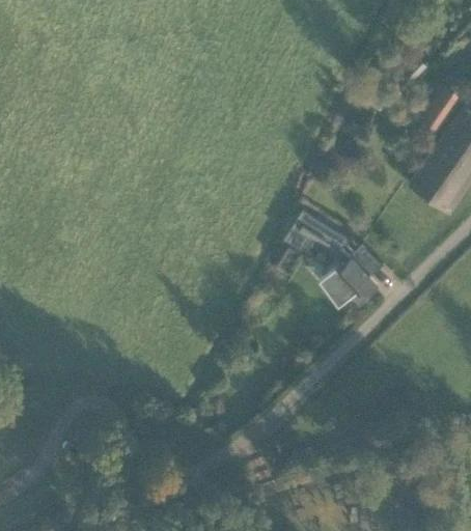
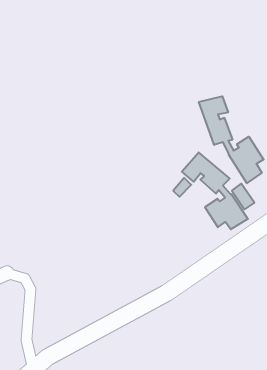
building: none -> [199,96,264,183]

